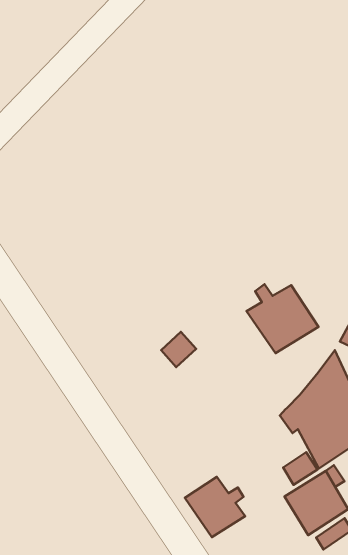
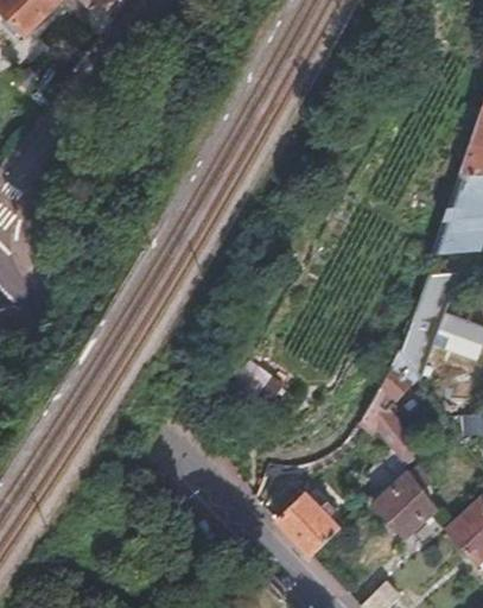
building: [247,284,319,353] -> none

